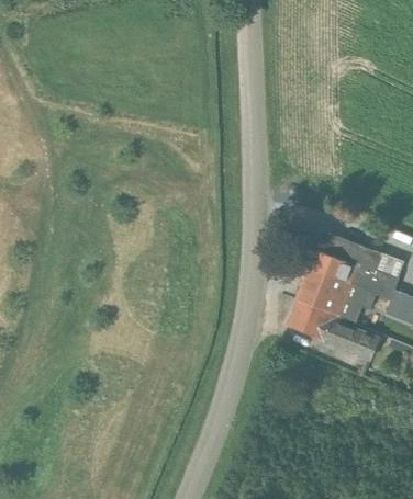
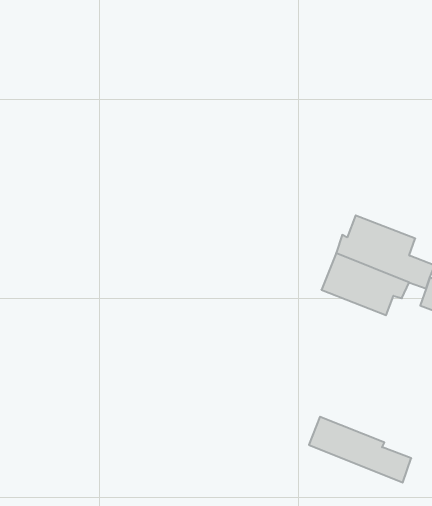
building: [287,300,379,360] -> [309,417,411,483]

